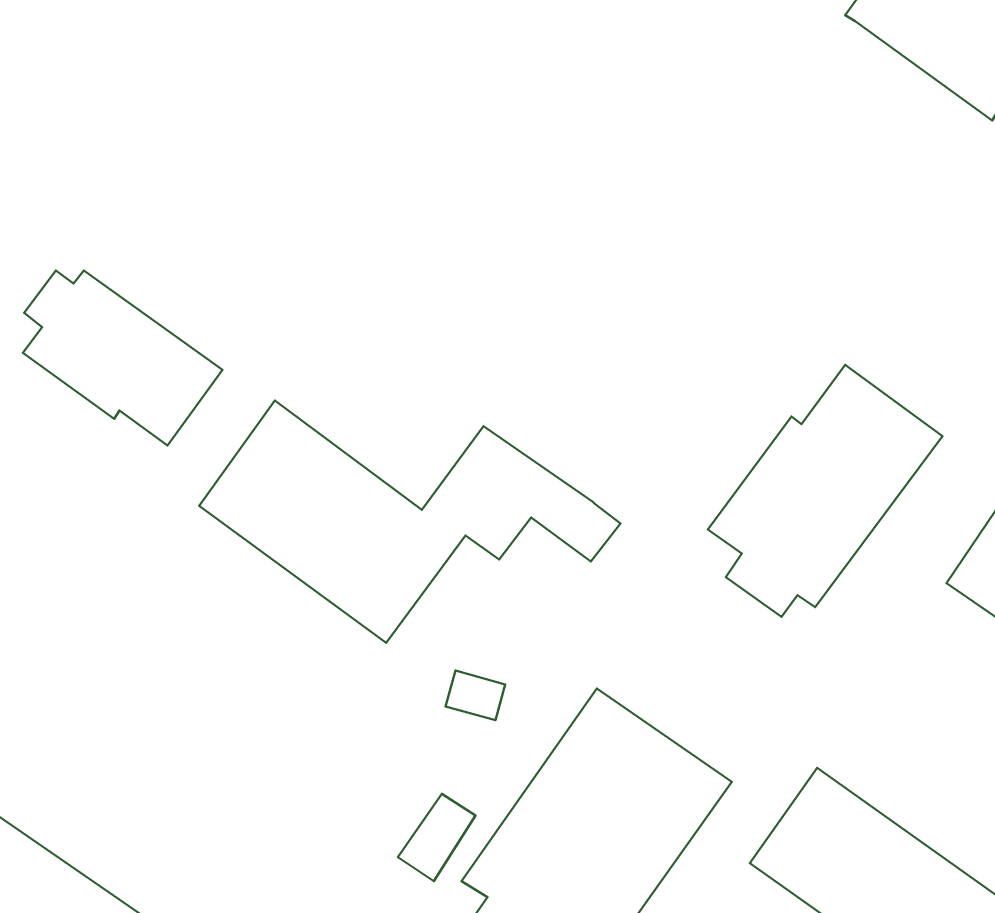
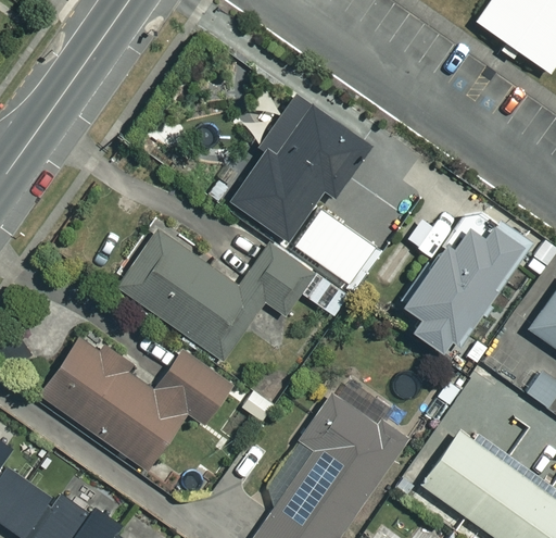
building: none -> [230,104,368,285]
building: [23,270,222,445] -> none
building: none -> [38,330,233,471]

